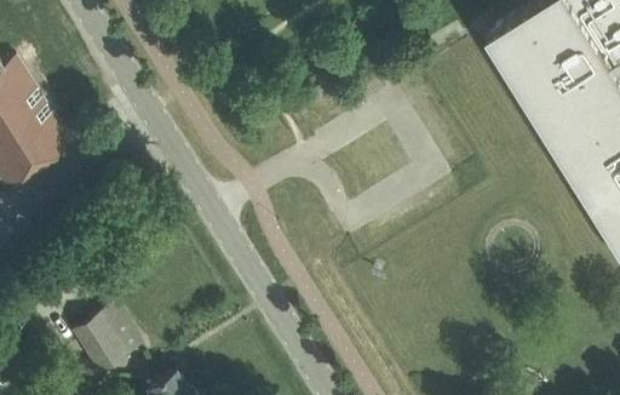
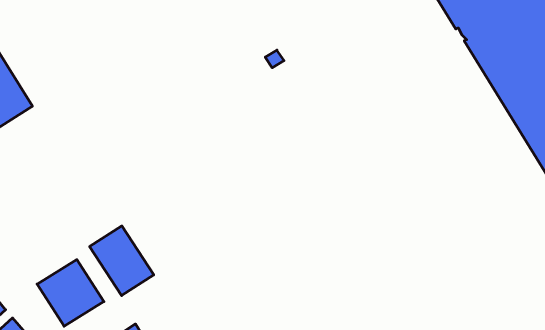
building: none -> [90,226,154,296]

